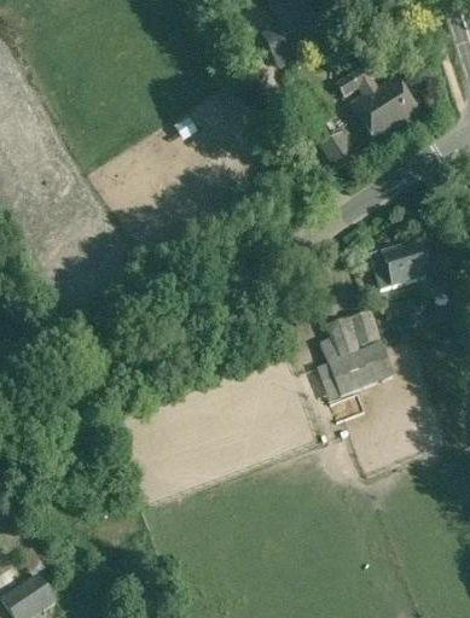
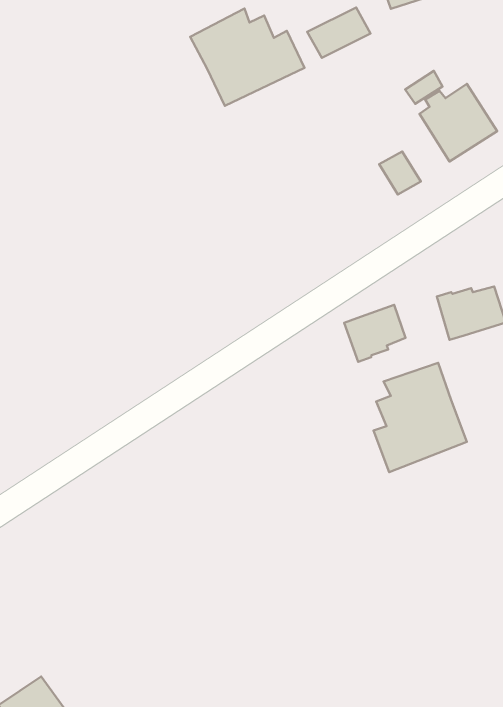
building: none -> [190,8,304,106]
building: none -> [344,305,406,362]

